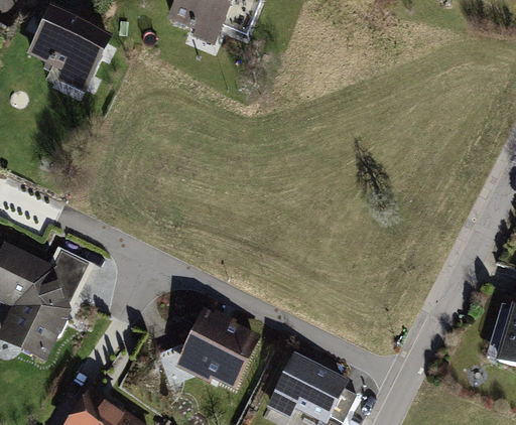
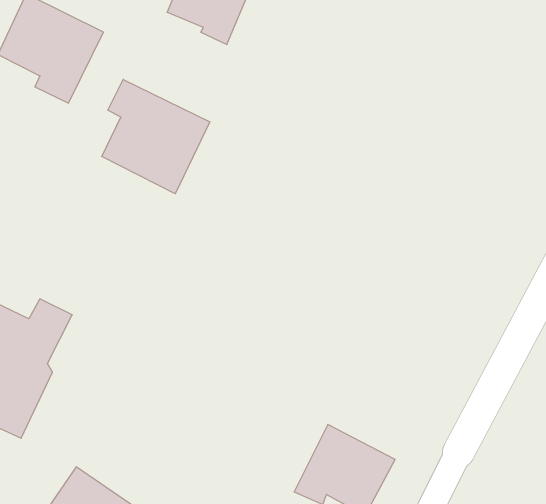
building: none -> [102,79,210,194]
building: [174,308,261,390] -> none

